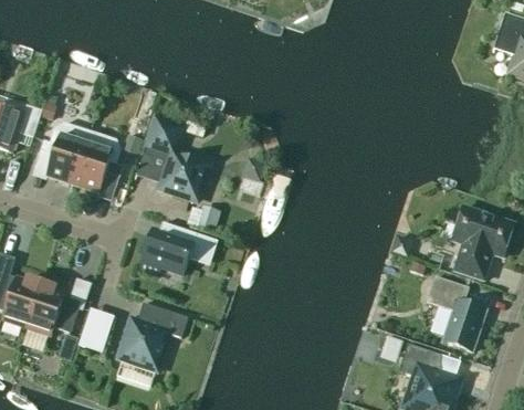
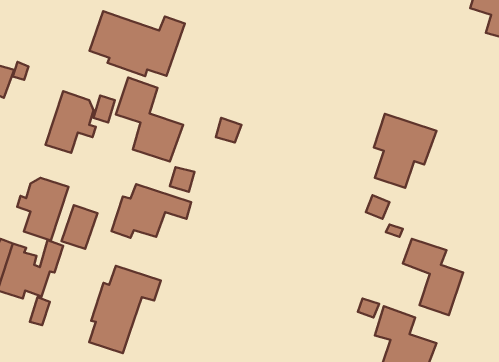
building: none -> [89,11,185,76]
building: [40,120,91,182] -> [17,178,69,241]
building: [452,206,514,278] -> [374,114,437,188]
building: [77,307,113,350] -> [62,205,97,249]

